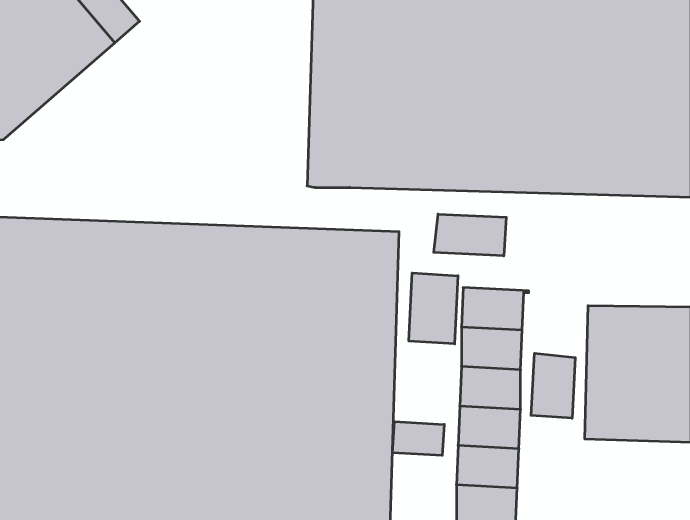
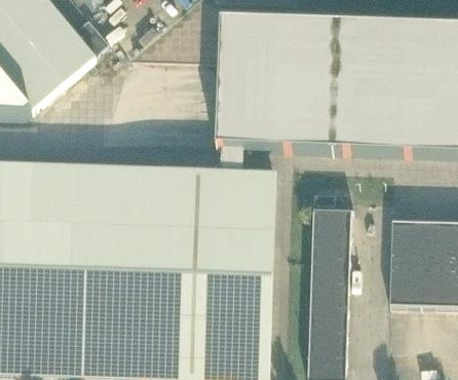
building: [434,214,506,256] -> none
building: [409,273,458,344] -> none
building: [531,353,575,418] -> none
building: [392,422,444,455] -> none

